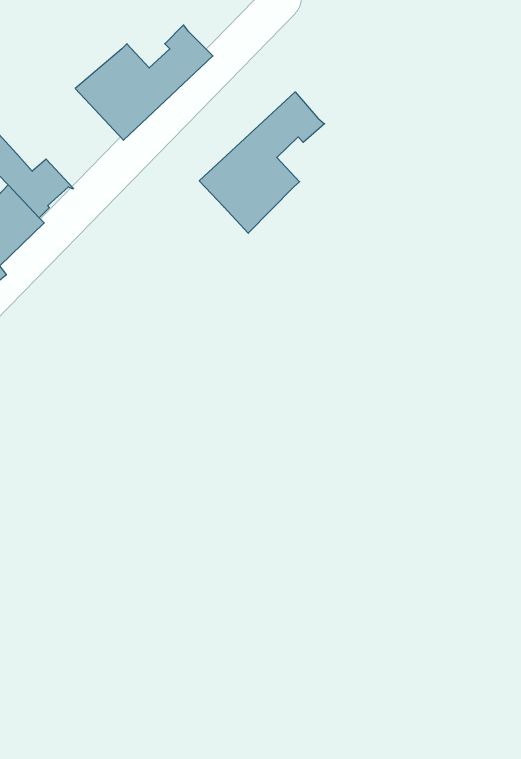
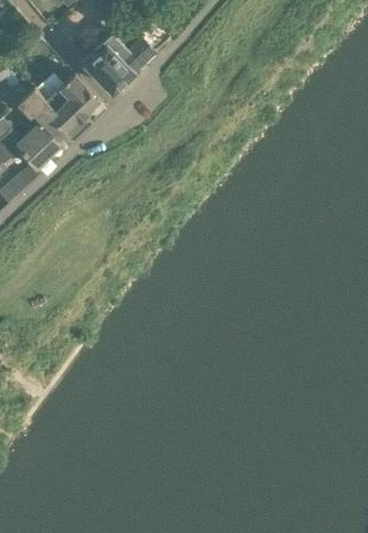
building: [199,92,325,233] -> none
building: none -> [45,76,99,124]

